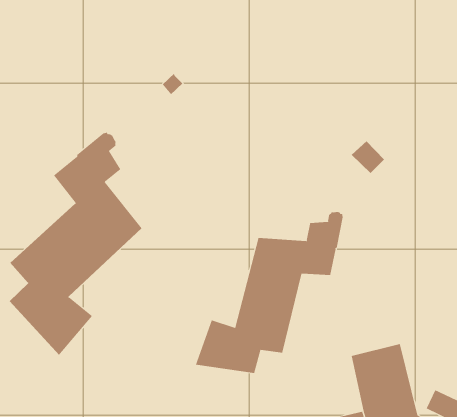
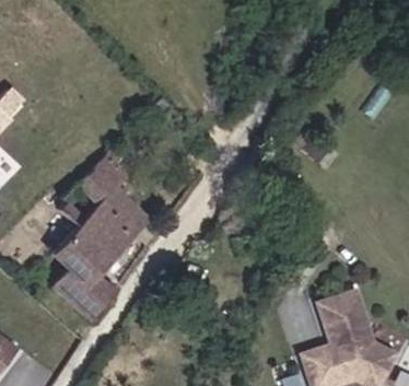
building: [195,211,343,374] -> none

